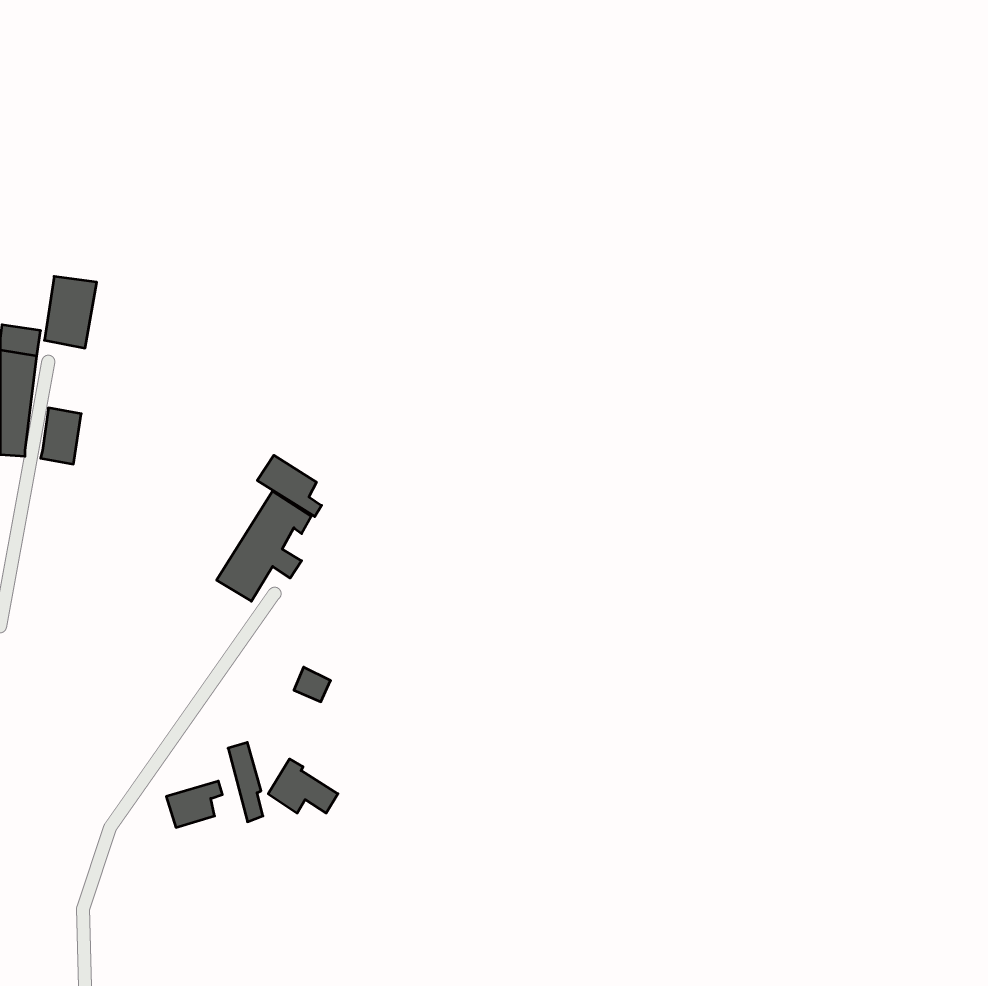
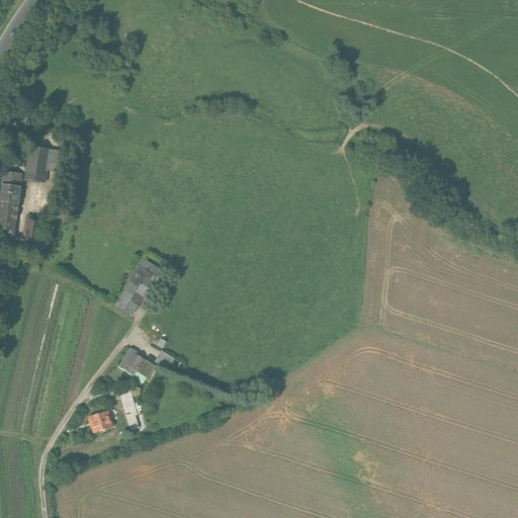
building: [257,455,322,517] -> none
building: [268,759,338,813] -> [118,347,155,375]

